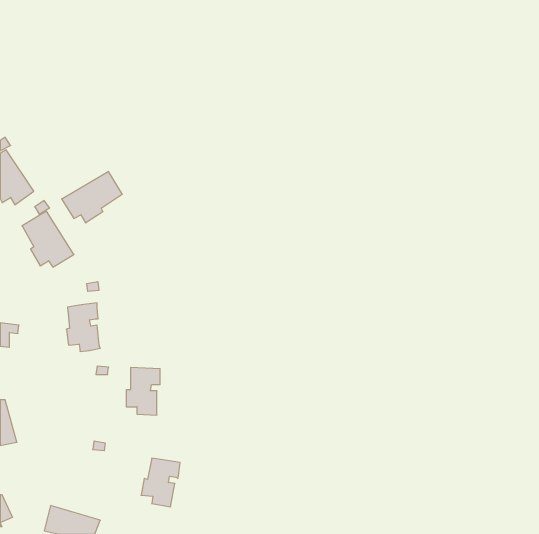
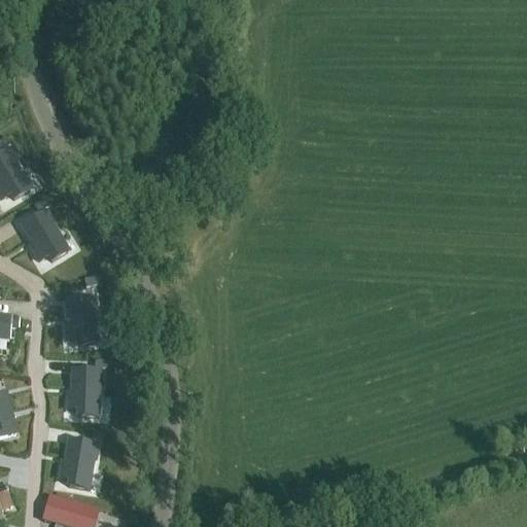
building: [62,171,122,223] -> none
building: [126,368,160,415] -> [68,368,101,415]
building: [141,458,180,507] -> [59,440,97,487]

